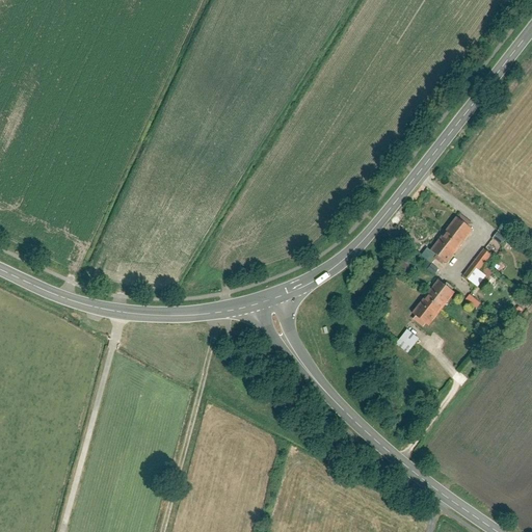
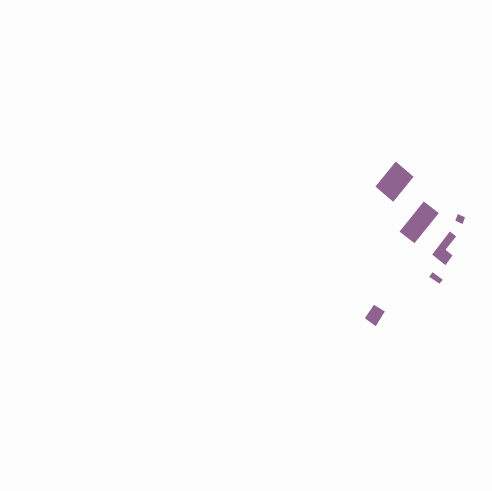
building: none -> [374,160,415,203]
building: [411,278,455,325] -> none

